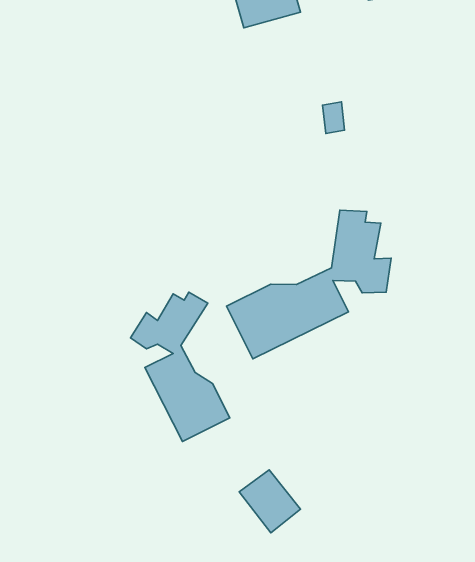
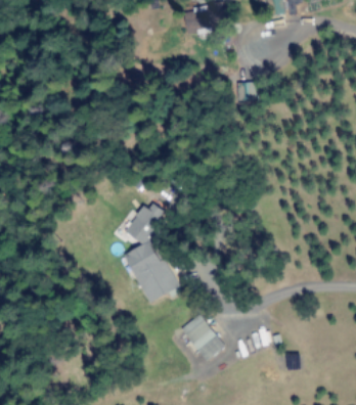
building: [227,210,391,359] -> none

